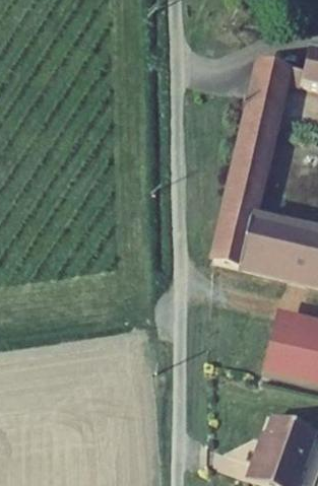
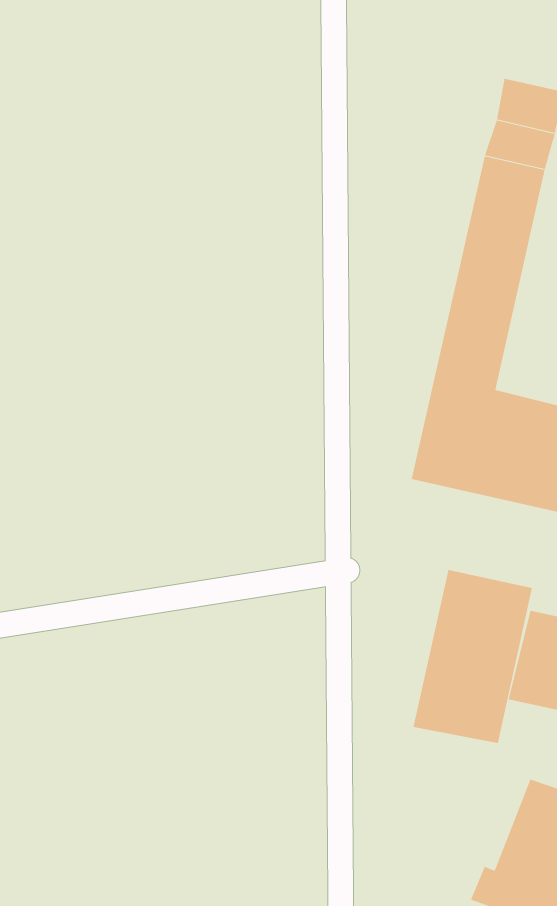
building: none -> [413,569,533,744]

